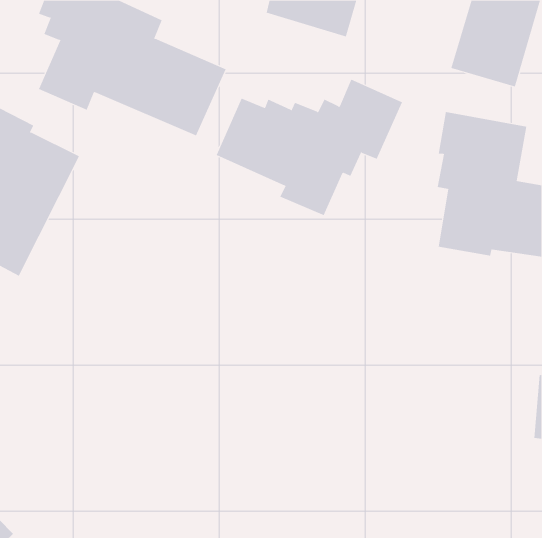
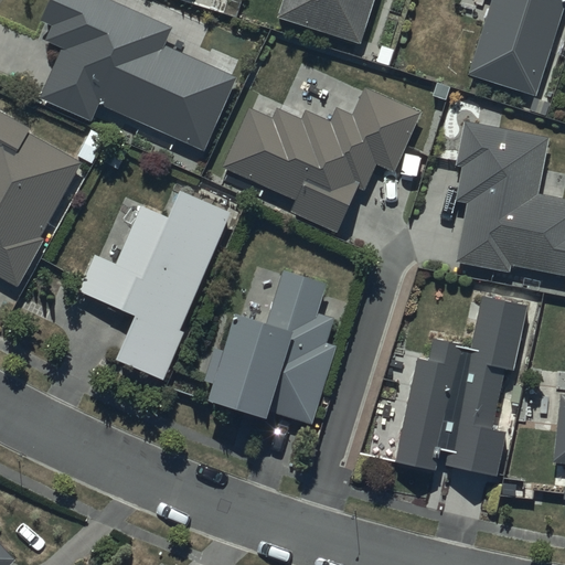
building: none -> [81,202,230,385]
building: none -> [204,269,334,422]
building: none -> [397,294,526,472]

